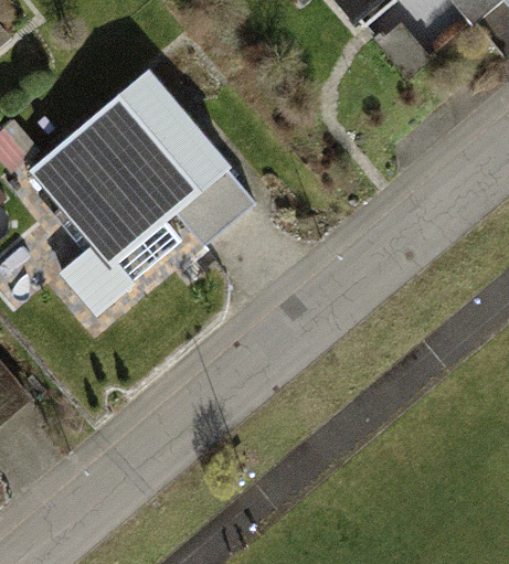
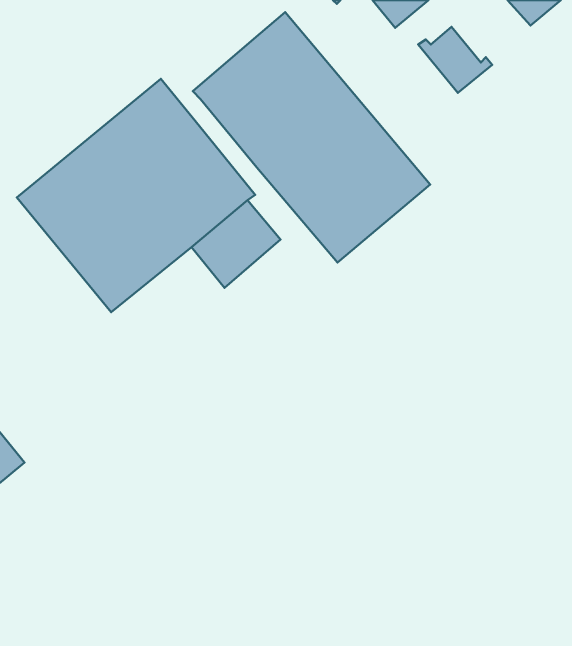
building: none -> [193,12,430,262]

